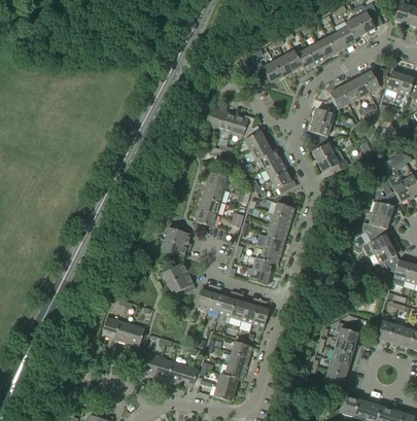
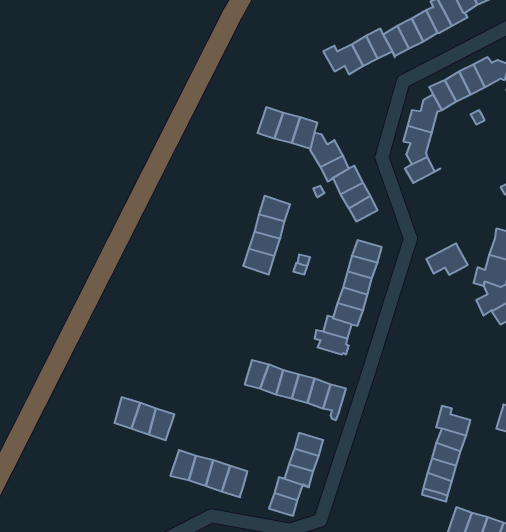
building: [317,149,347,172] -> [426,243,468,275]
building: [162,222,192,256] -> none
building: [161,261,195,296] -> none

